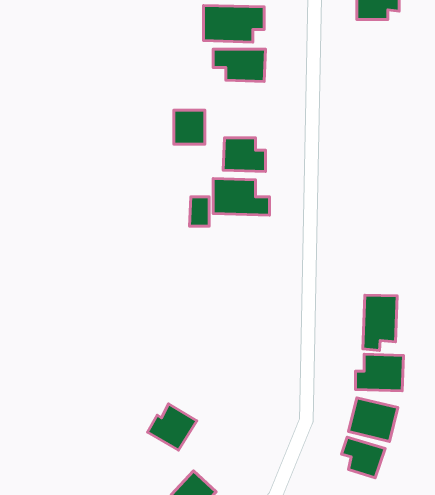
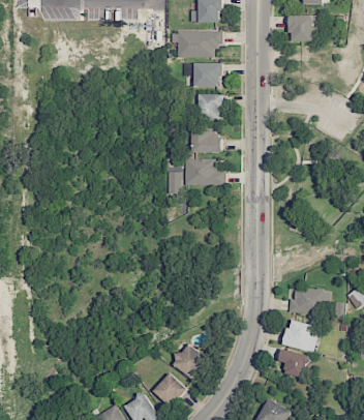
building: [174,110,205,144] -> [199,94,221,119]
building: [363,295,397,350] -> none
building: [147,404,197,450] -> [172,344,208,379]

